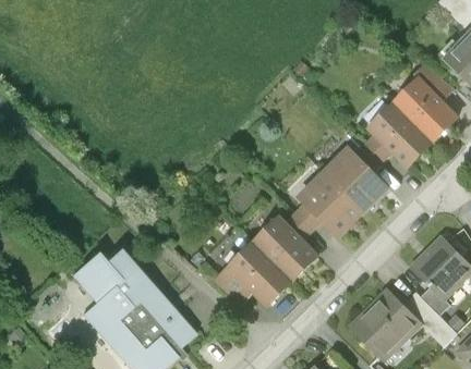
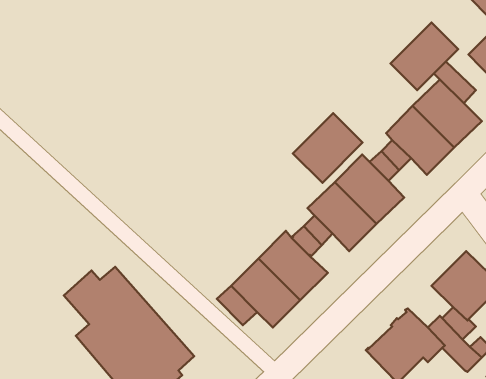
building: none -> [390,22,458,90]
building: none -> [293,113,363,183]

